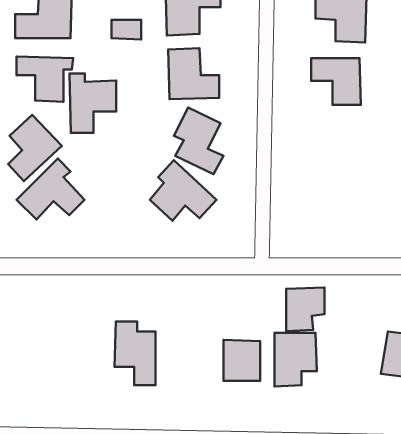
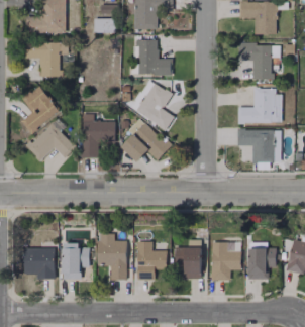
building: [69,73,116,133] -> [82,116,115,158]
building: none -> [238,89,275,123]
building: none -> [238,129,274,164]
building: [286,287,325,331] -> [248,248,276,280]
building: none -> [24,237,55,280]
building: none -> [136,241,167,280]
building: none -> [62,243,89,280]

